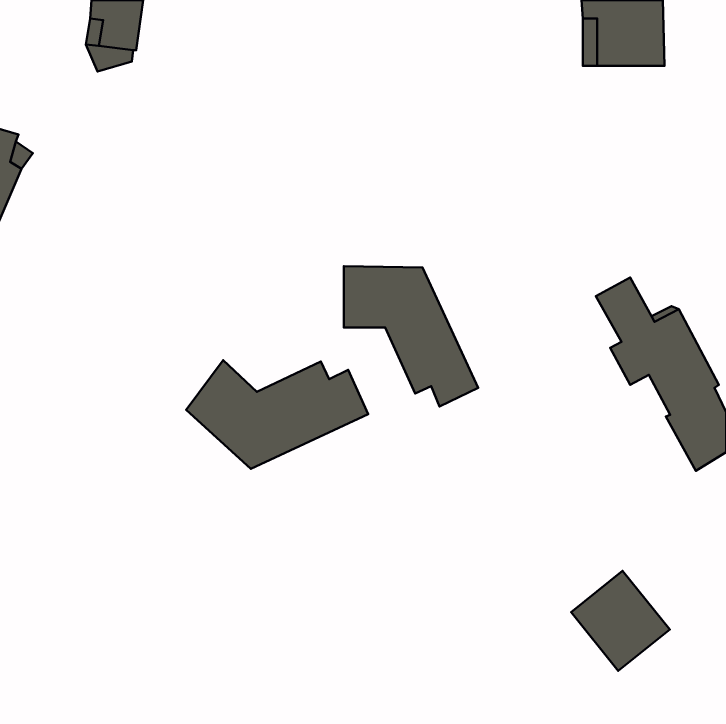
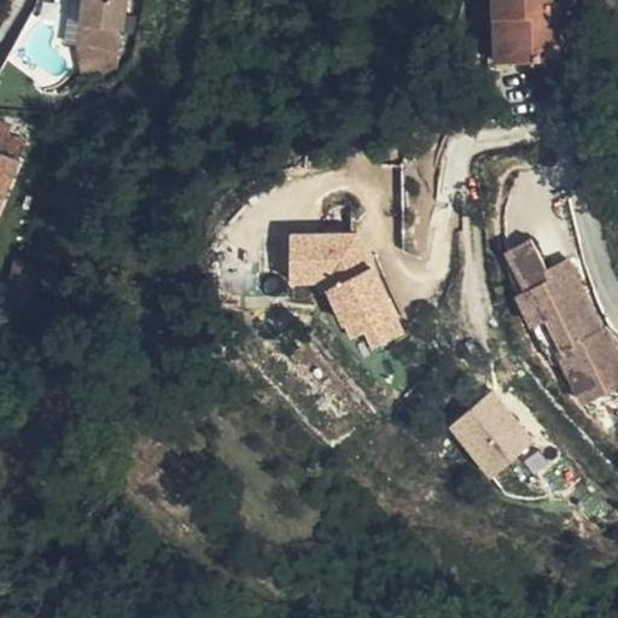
building: [186,360,368,469] -> none
building: [571,571,670,671] -> [449,391,532,476]

